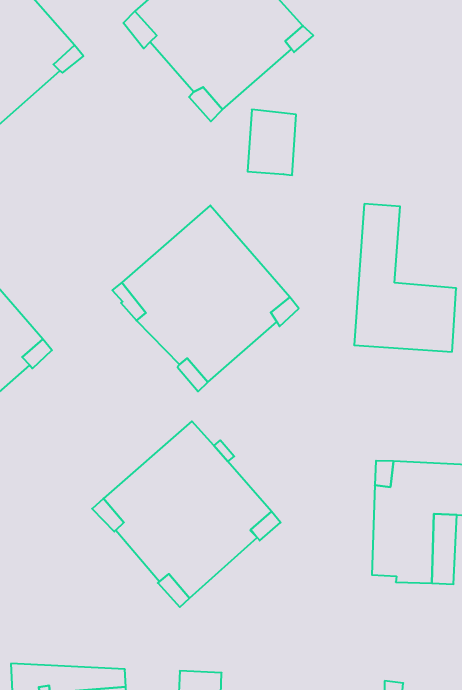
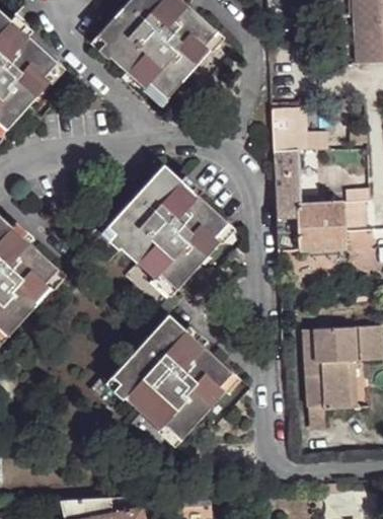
building: [248,110,296,175] -> [271,106,304,150]

